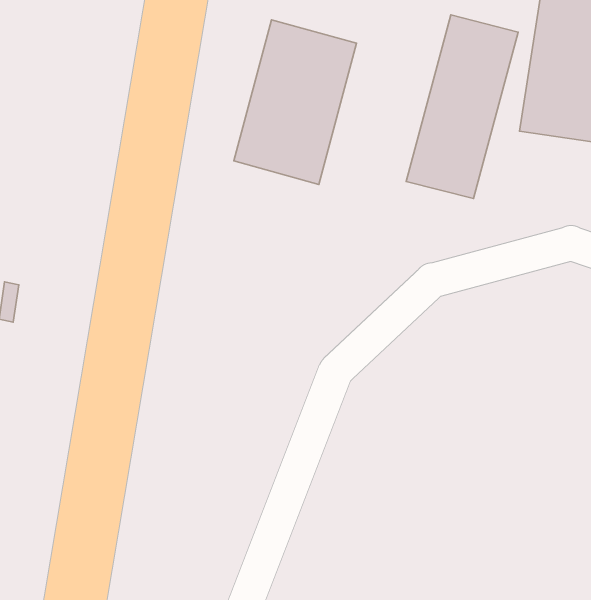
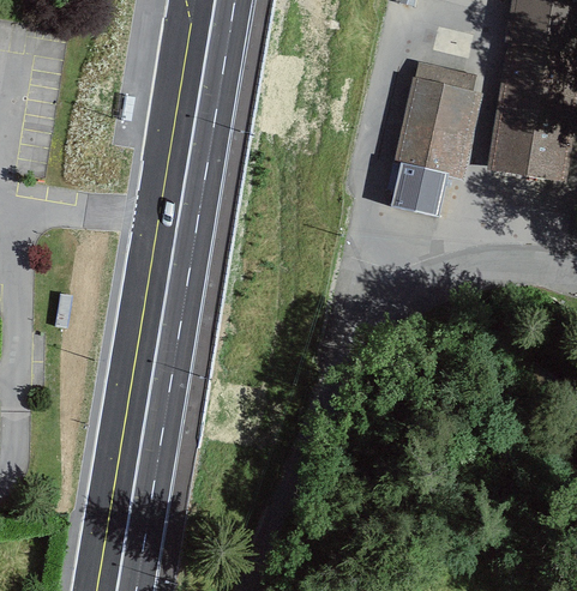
building: [234,20,356,184] -> none

